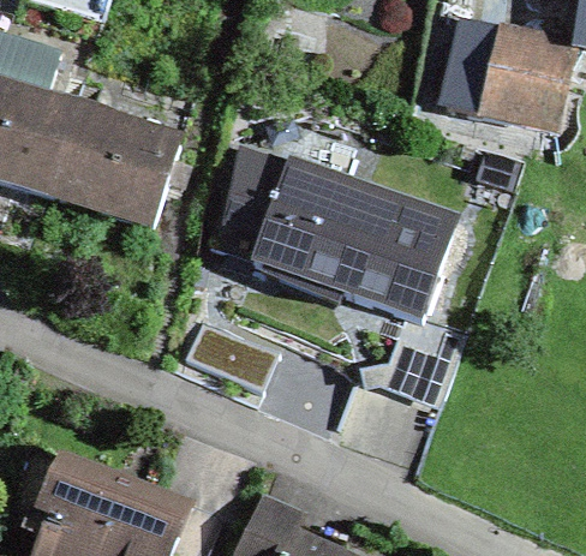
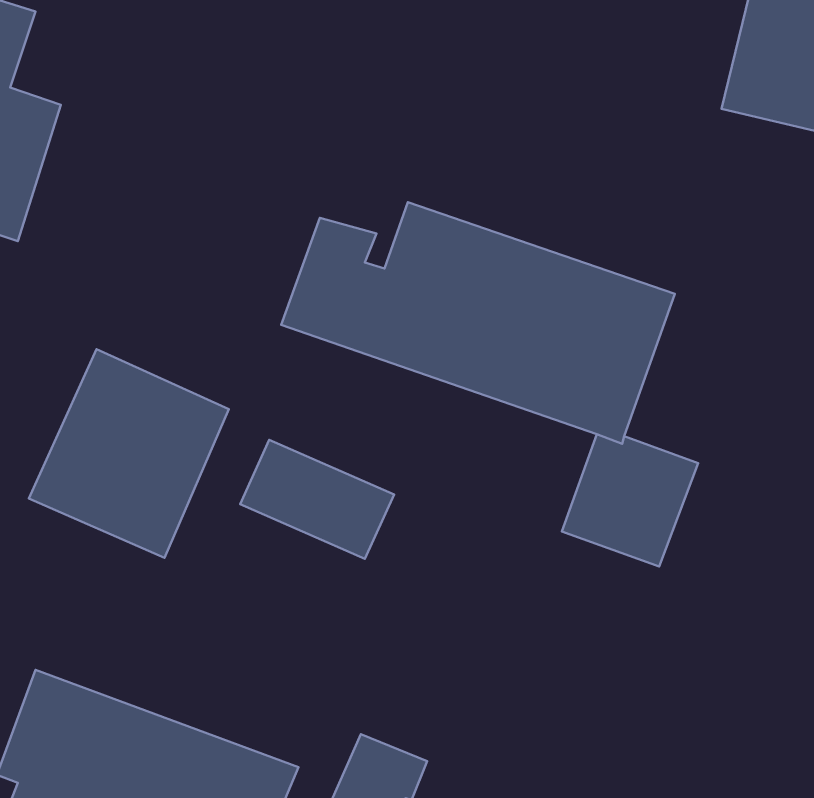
building: [48,109,179,226] -> none
building: none -> [29,349,229,558]

